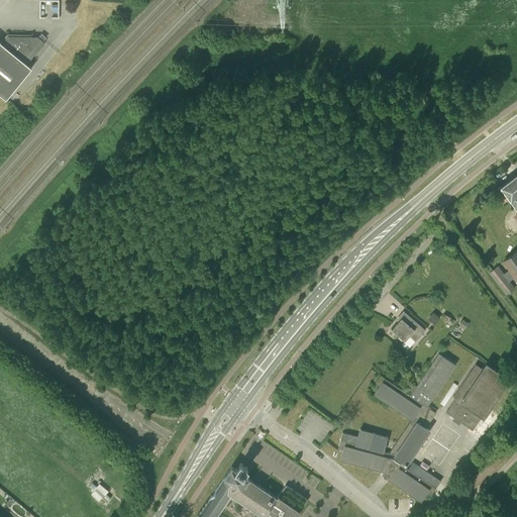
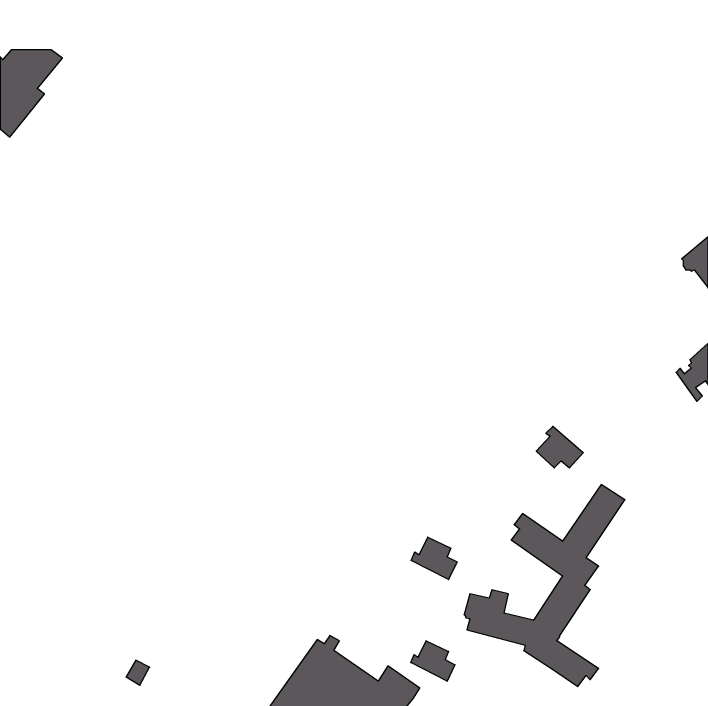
building: [446,364,510,431] -> none
building: none -> [411,537,457,580]
building: none -> [411,641,455,681]

